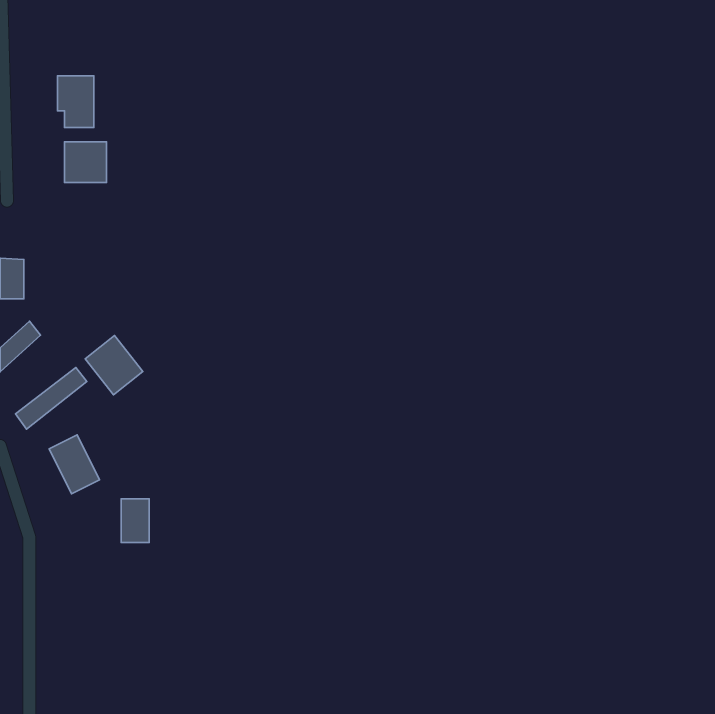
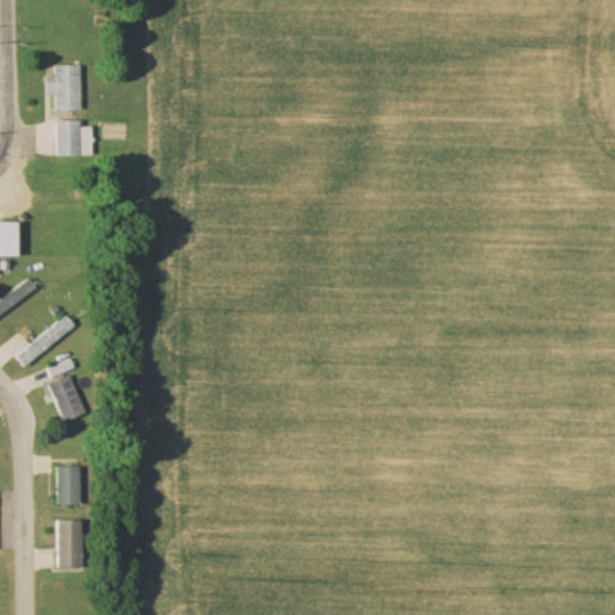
building: [85,336,143,395] -> none
building: [121,499,149,542] -> [54,466,78,503]
building: none -> [54,519,78,568]

